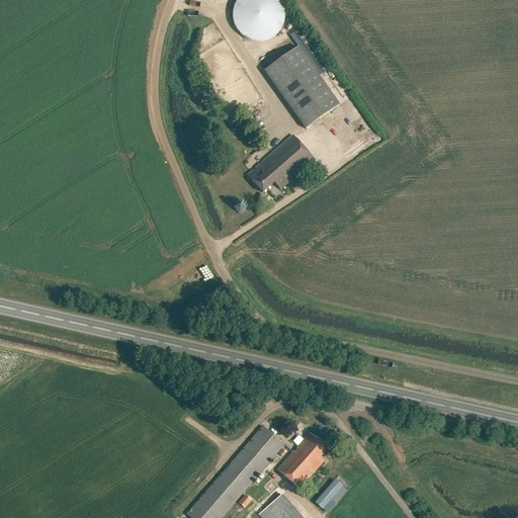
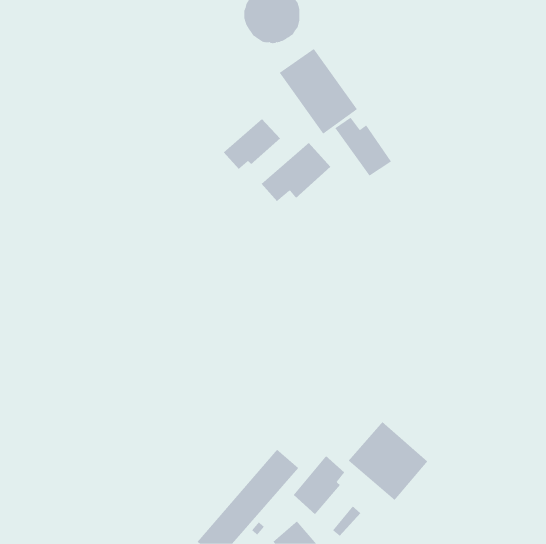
building: none -> [335,117,392,177]
building: none -> [223,118,281,170]
building: none -> [348,421,428,501]

